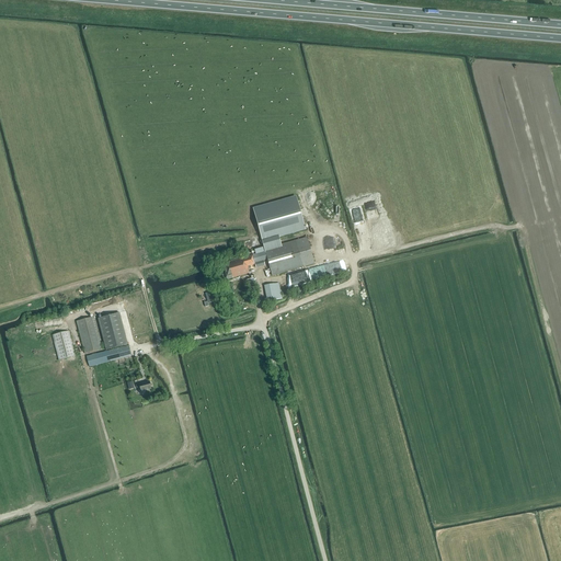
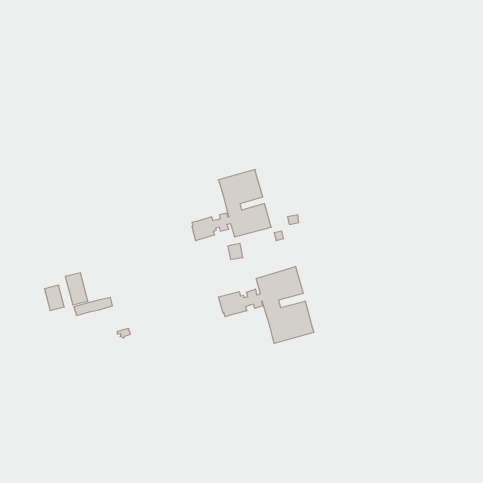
building: none -> [218,266,314,343]
building: [98,312,127,350] -> none

